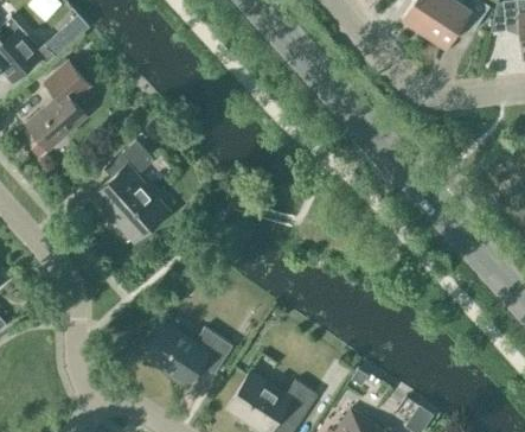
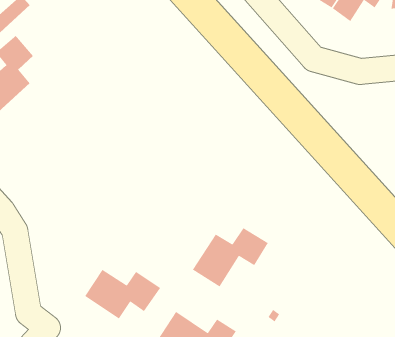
building: [92,140,166,237] -> none
building: none -> [192,227,269,287]

